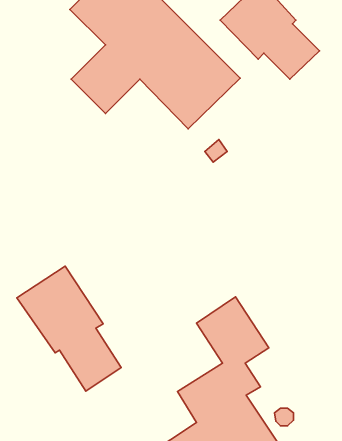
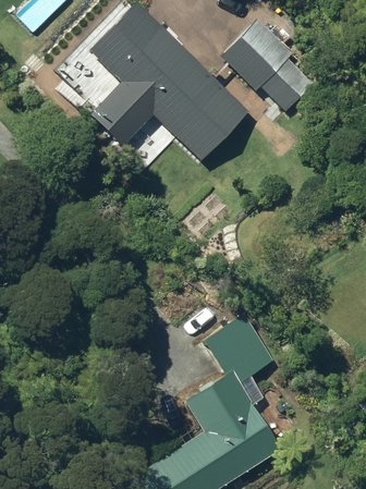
building: [17,266,121,391] -> none

